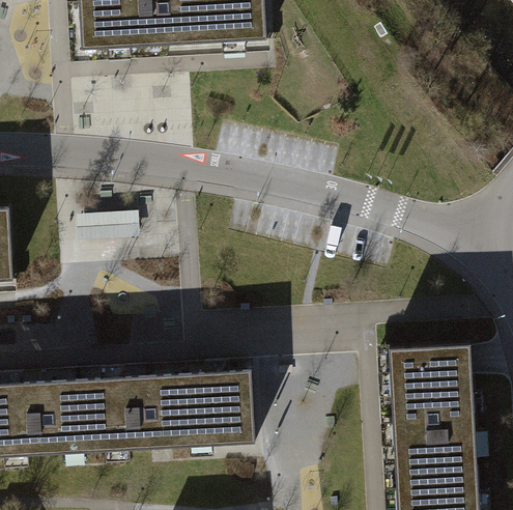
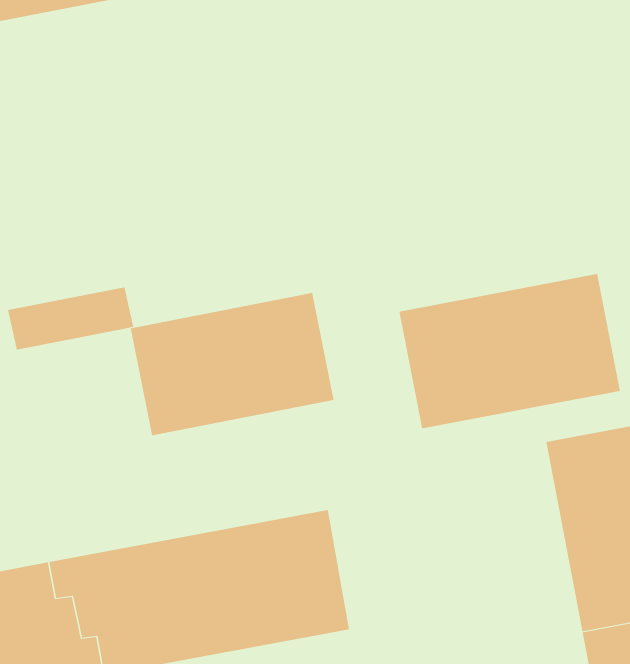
building: none -> [130,292,334,436]
building: none -> [399,273,620,429]

